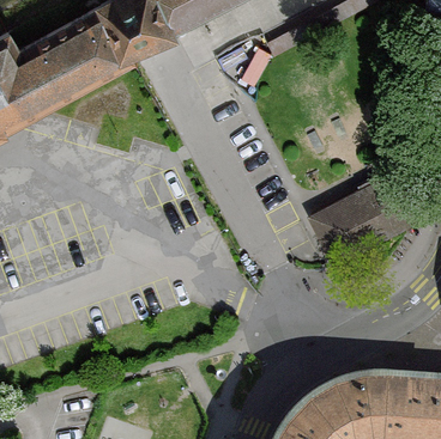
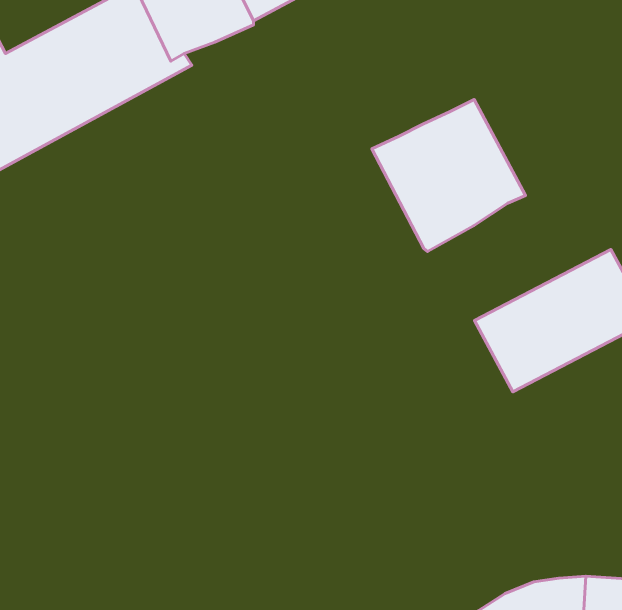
building: none -> [372,99,525,251]

